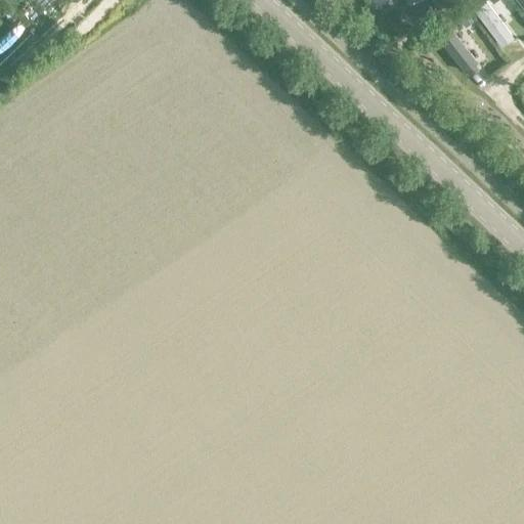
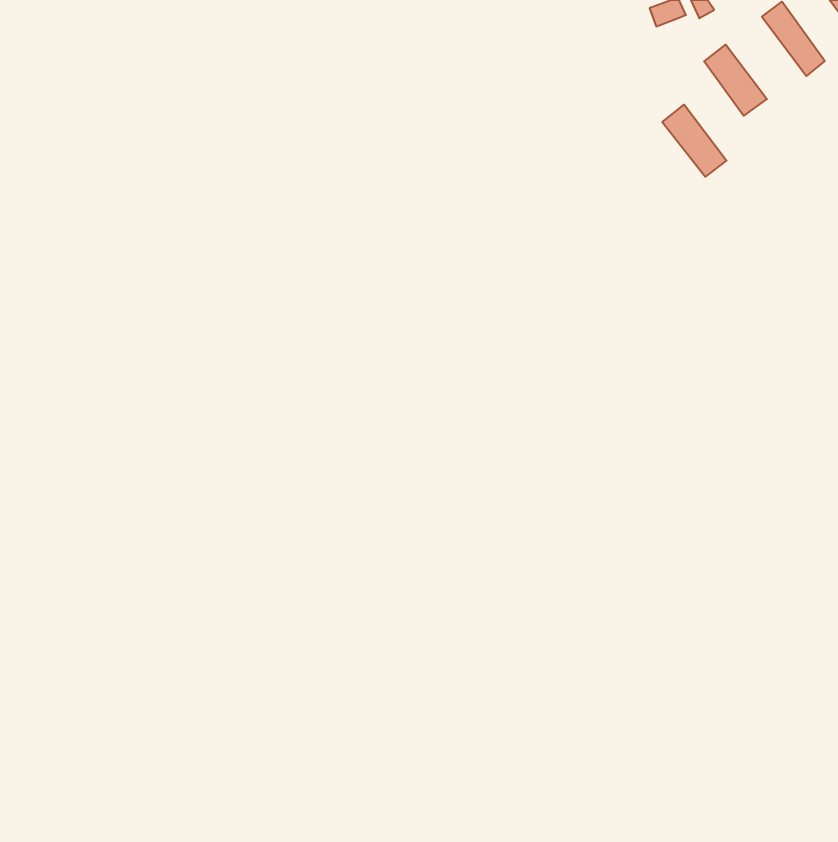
building: none -> [662,105,727,177]

